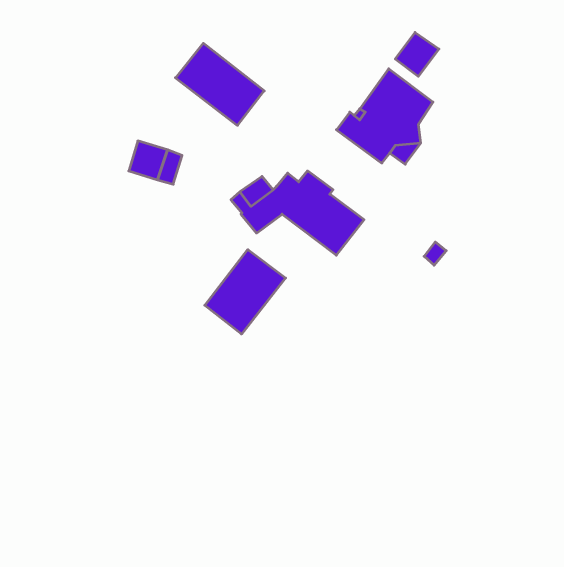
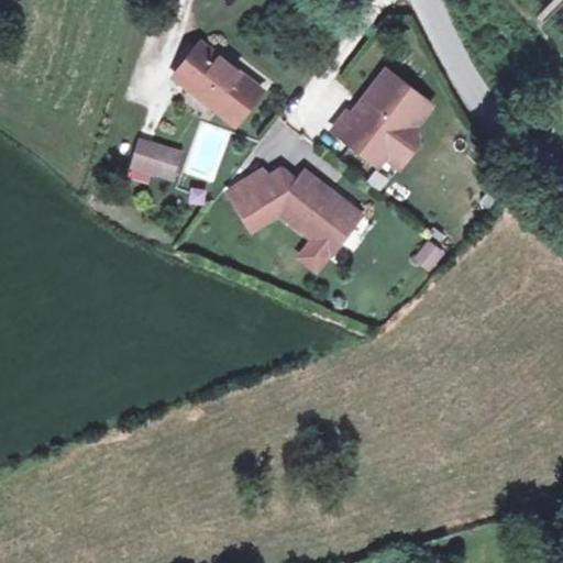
building: [395,32,439,76] -> none
building: [205,250,286,334] -> none

